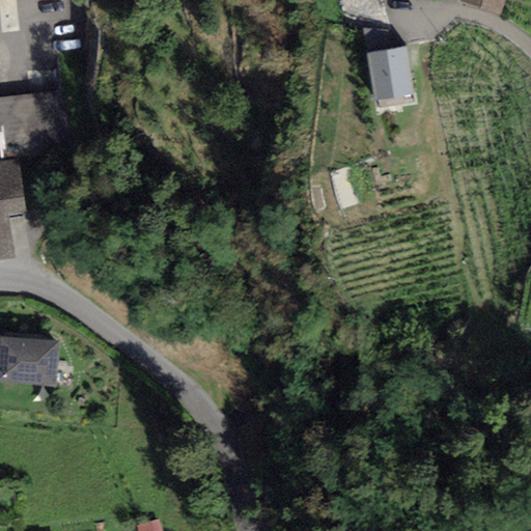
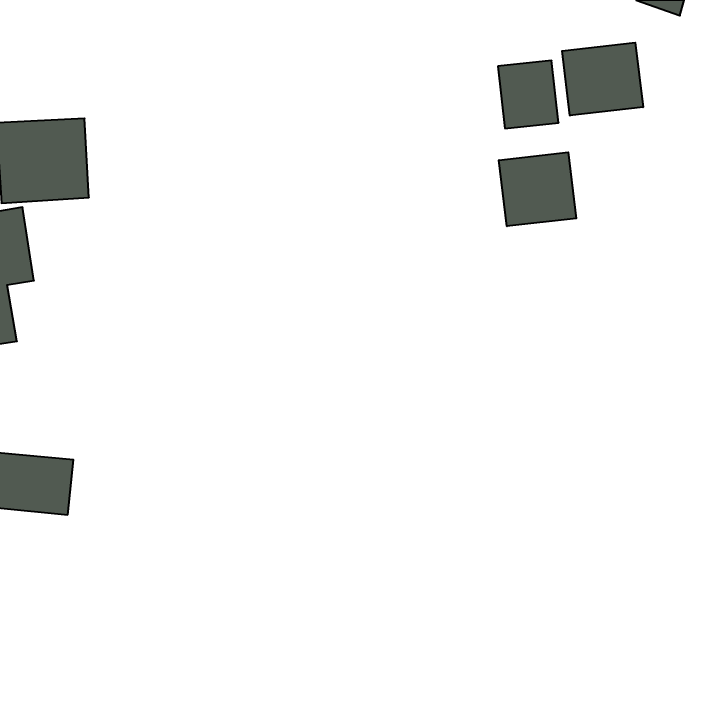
building: none -> [562,43,643,116]
building: none -> [499,152,576,226]

